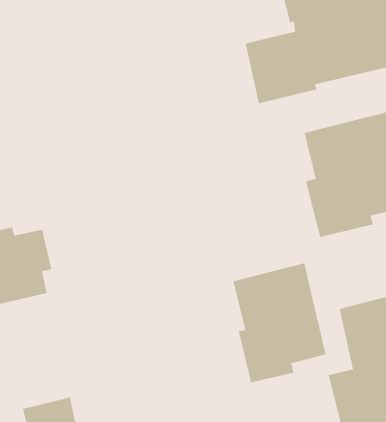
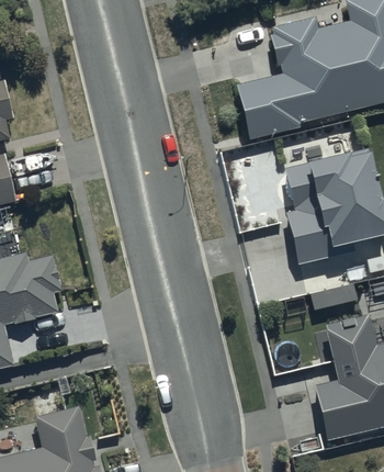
building: [233,263,326,383] -> none

